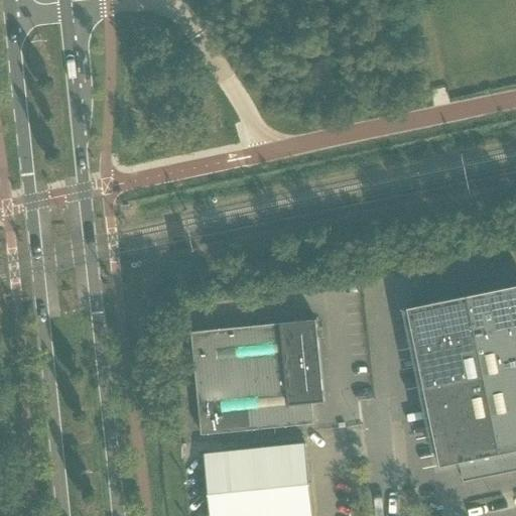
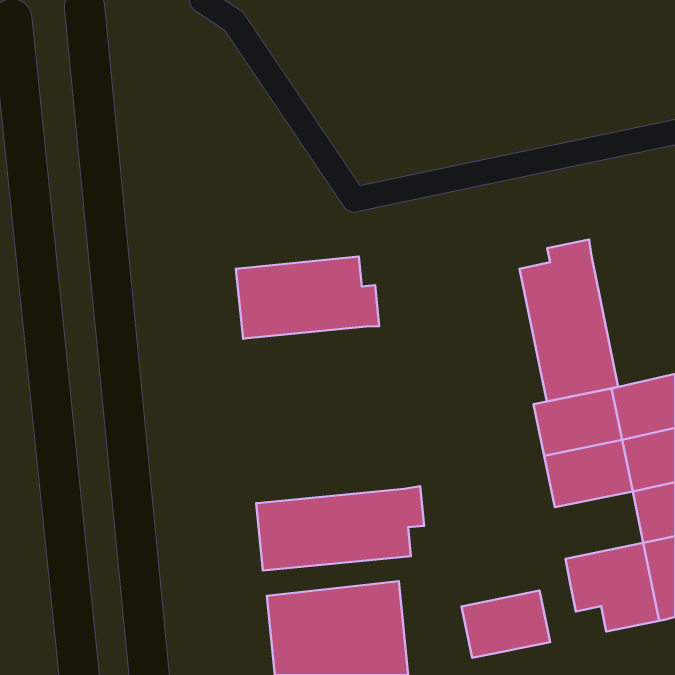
building: none -> [520,240,618,401]
building: none -> [236,256,379,339]
building: [191,316,320,384] -> none
building: [423,375,491,426] -> [462,591,550,658]

